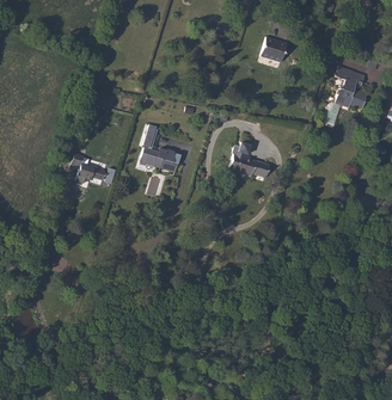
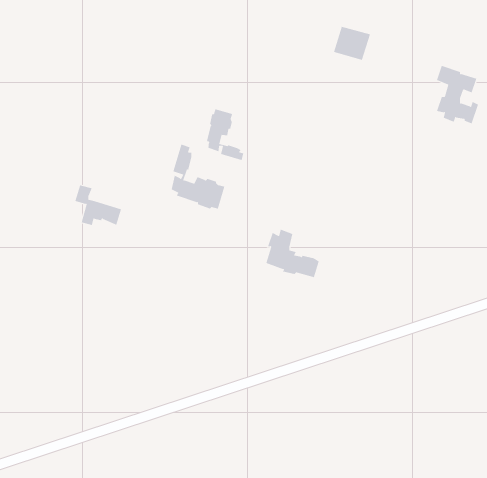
building: none -> [206,108,244,161]
building: [229,141,269,177] -> [265,229,319,278]

